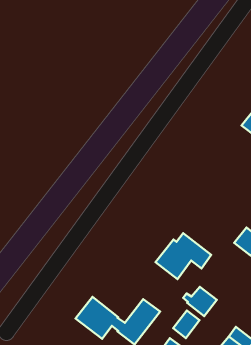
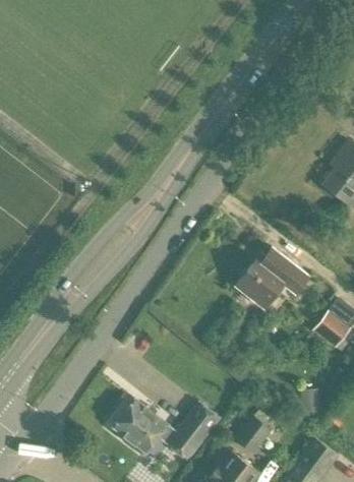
building: [156,233,211,279] -> [237,250,307,308]
building: [183,287,217,316] -> none

